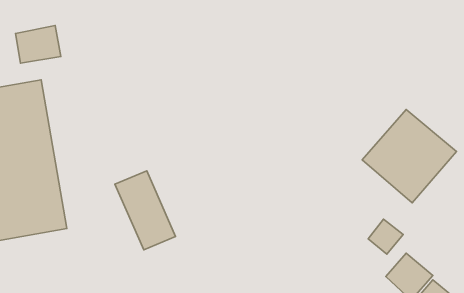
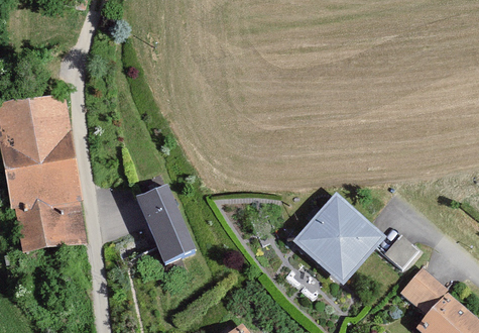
building: [15,26,61,63] -> none
building: [362,109,456,203] -> [293,194,386,286]

